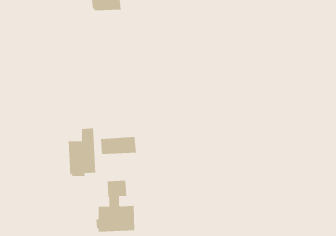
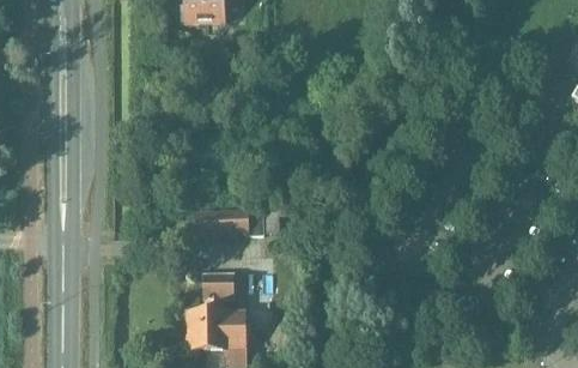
building: [68,128,96,177] -> none

